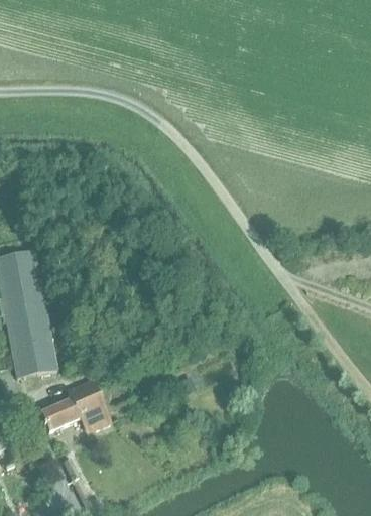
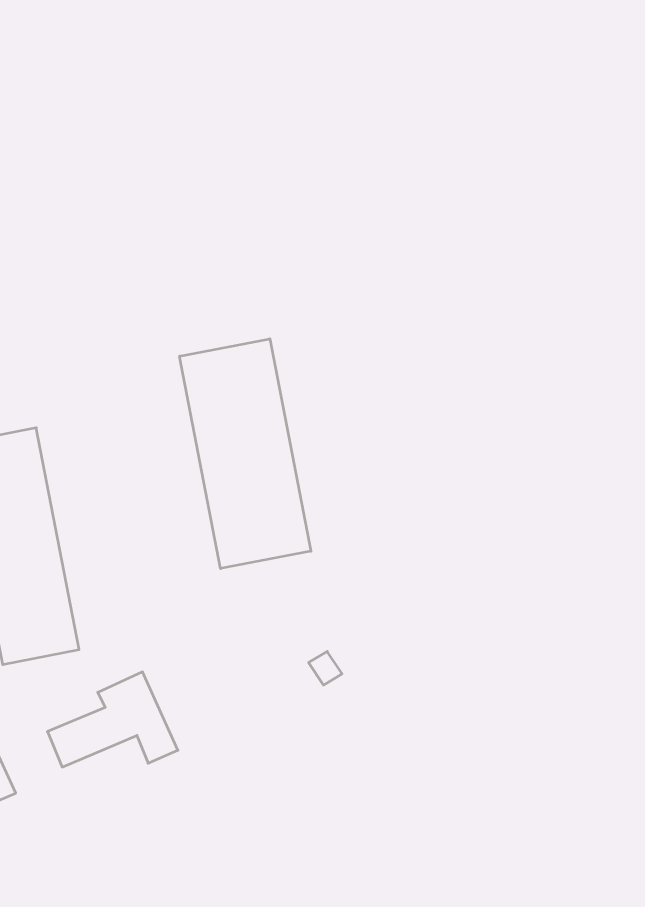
building: none -> [180,339,311,569]

